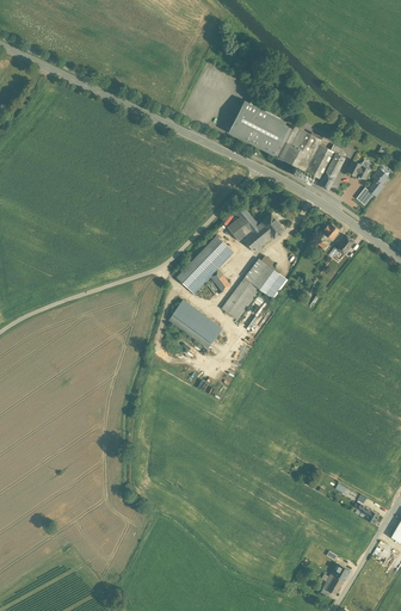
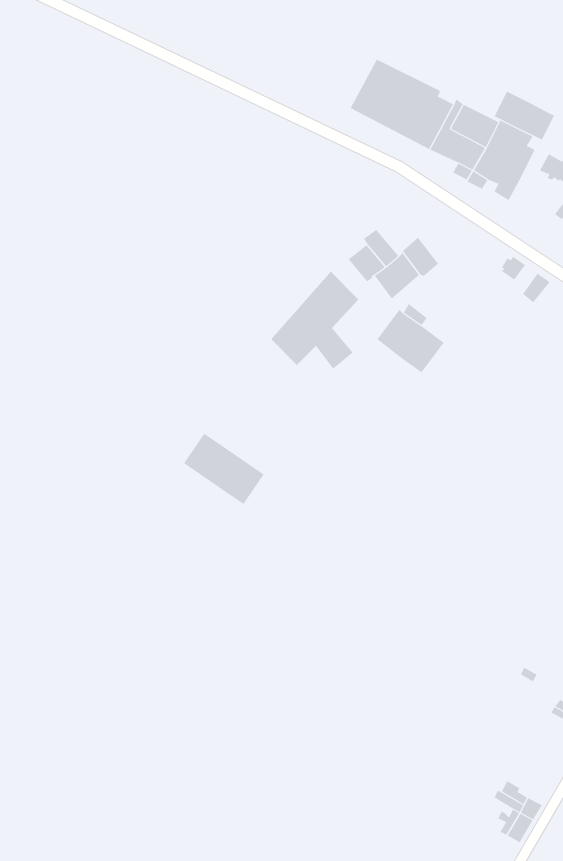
building: none -> [494,91,555,140]
building: [220,277,259,320] -> none
building: [168,301,220,346] -> [183,433,265,505]

